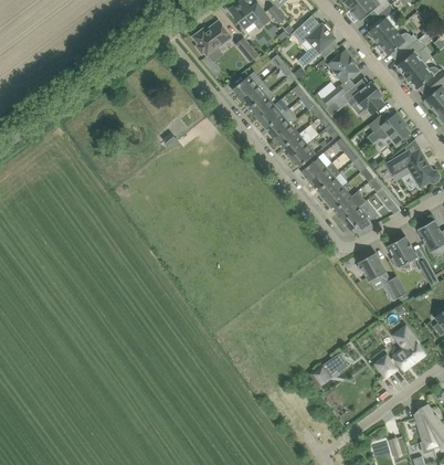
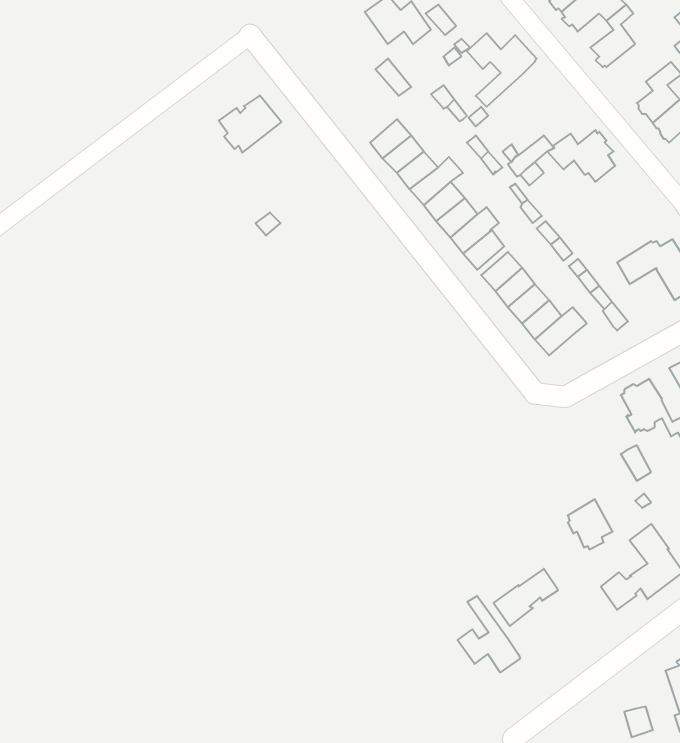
building: [193,21,232,56] -> [219,95,281,153]
building: [379,29,419,55] -> none
building: [329,50,359,83] -> none
building: [369,113,411,144] -> none
building: [343,201,379,231] -> none
building: [359,252,387,283] -> [568,499,613,549]
building: none -> [458,596,520,672]

